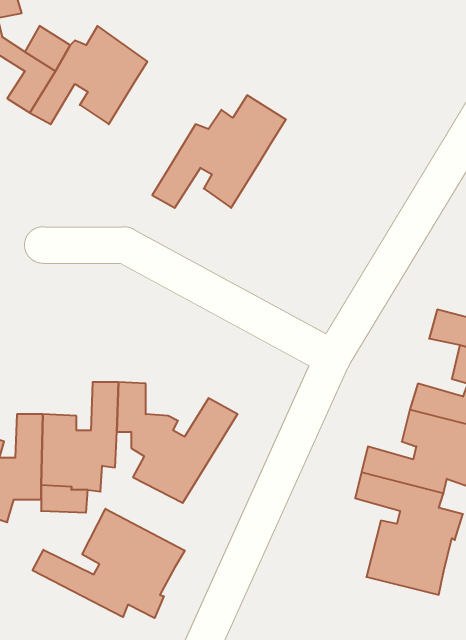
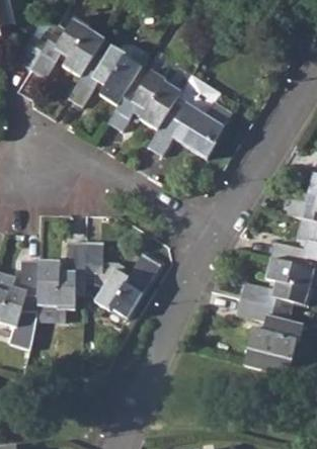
building: none -> [68,48,142,108]
building: none -> [147,77,231,161]
building: [33,509,185,618] -> none

